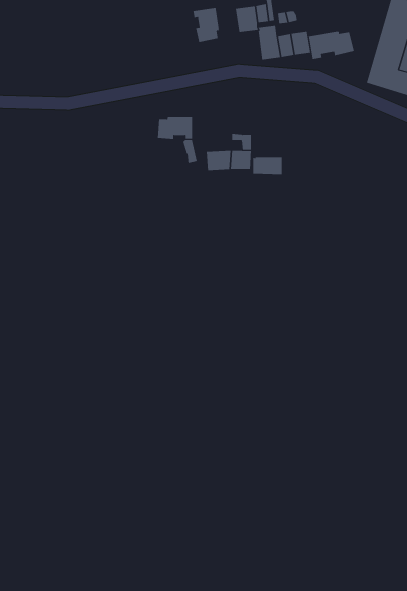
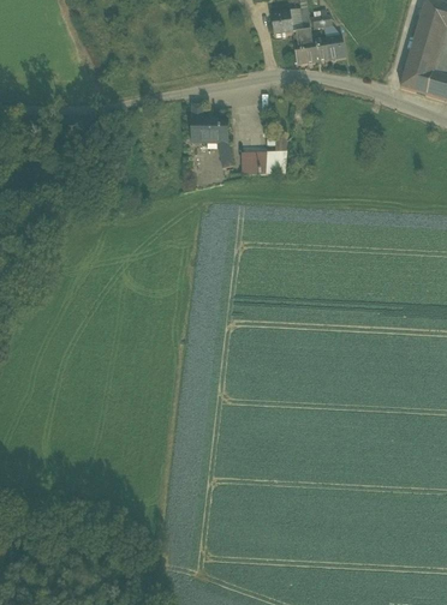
building: [193,7,220,43] -> none
building: [308,31,354,60] -> none
building: [253,156,282,175] -> none

